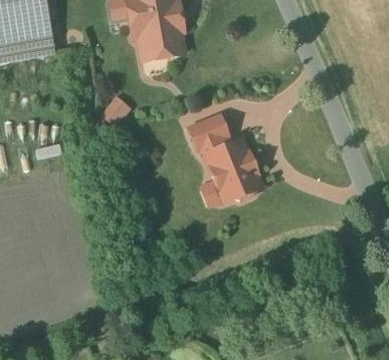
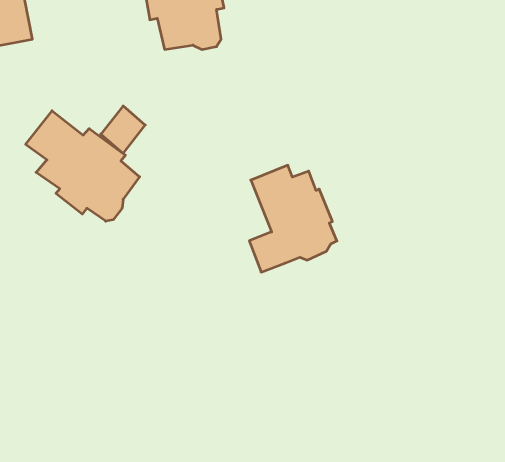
building: none -> [26,111,140,221]
building: [189,117,228,149] -> none

